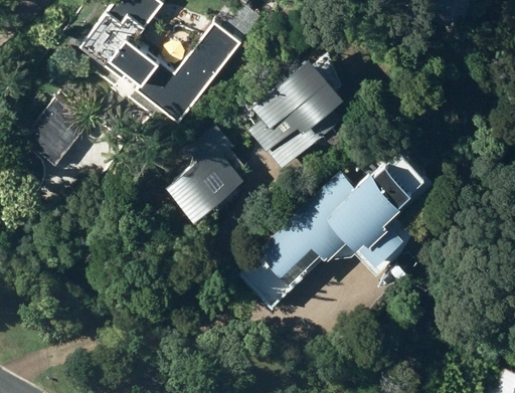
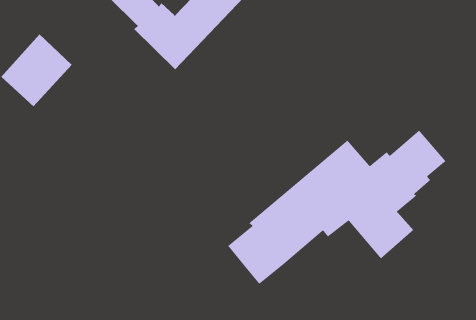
building: [247,62,344,170] -> none
building: [167,125,242,225] -> none

